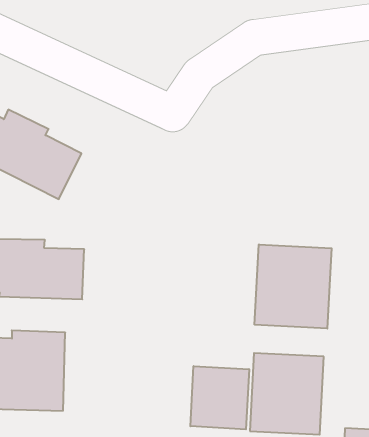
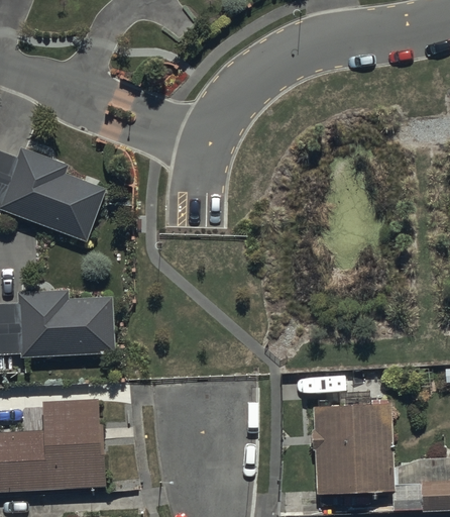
building: [255,244,332,329] -> none
building: [190,366,249,429] -> none

